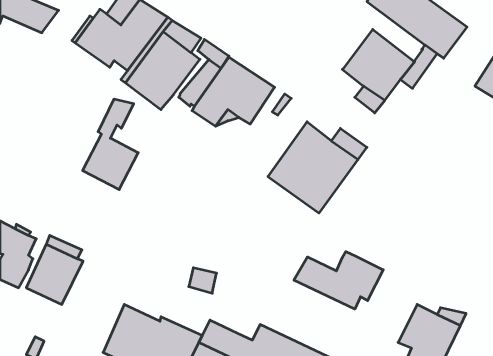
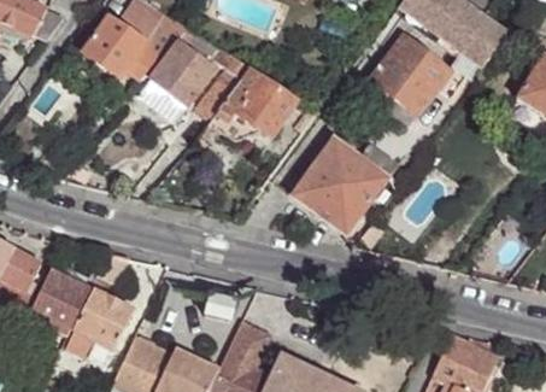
building: [83,99,138,190] -> [74,252,134,350]
building: [294,252,383,309] -> none
building: none -> [228,318,272,365]

